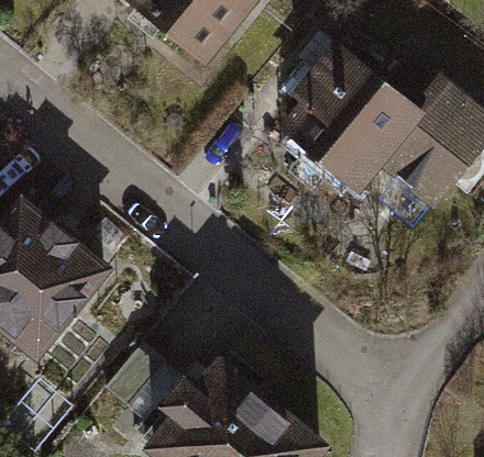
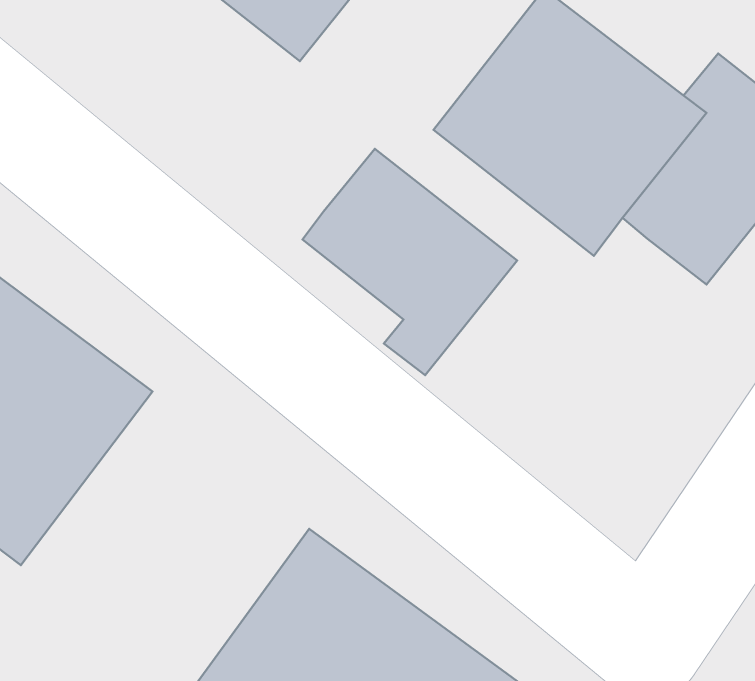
building: none -> [302,149,517,375]

